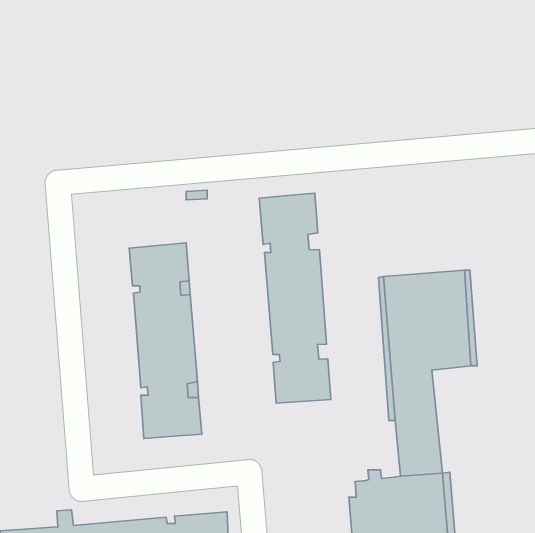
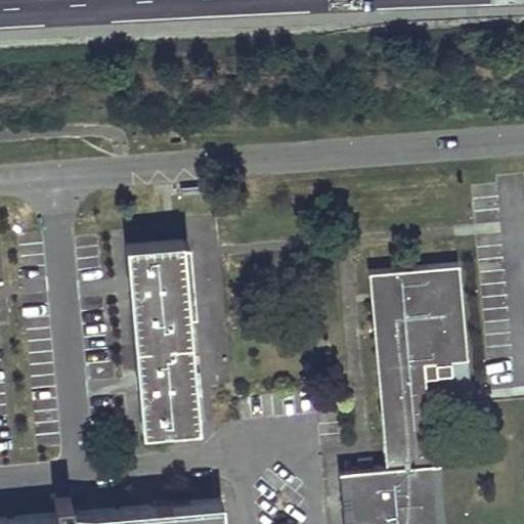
building: [259,193,331,403] -> none

